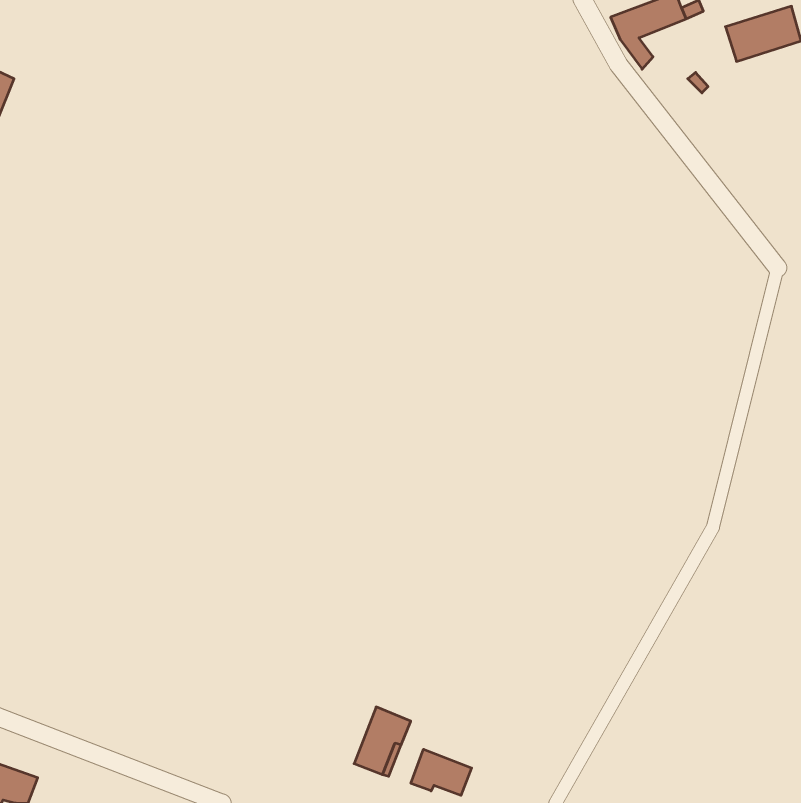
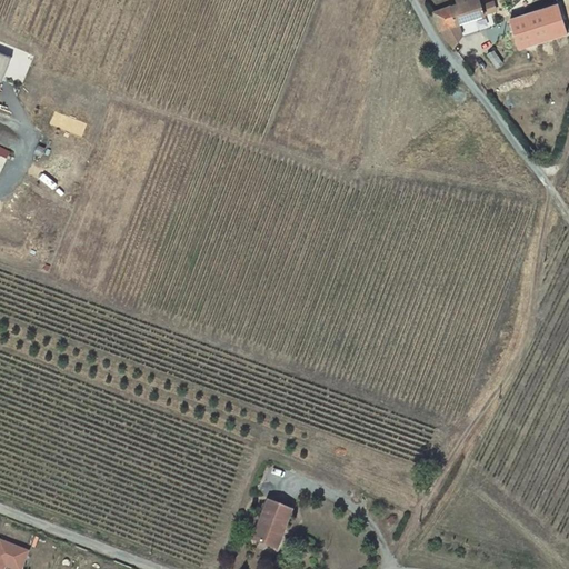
building: [411,749,472,795] -> none

